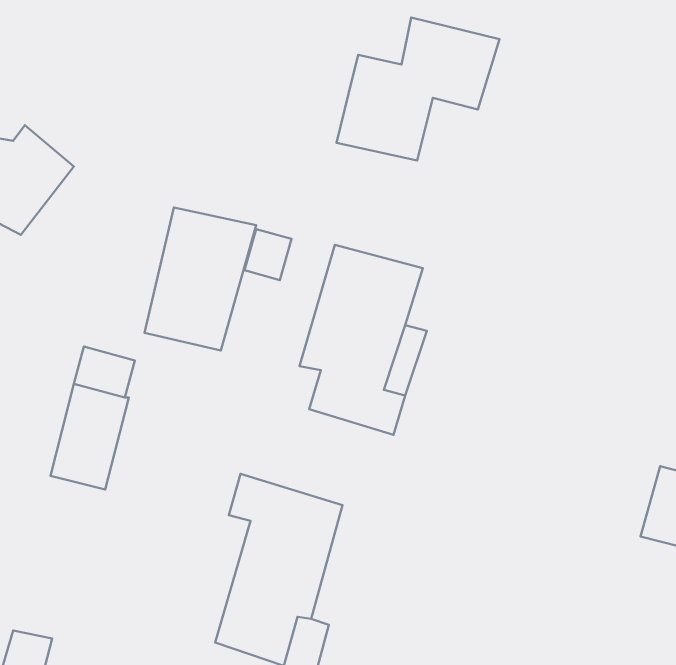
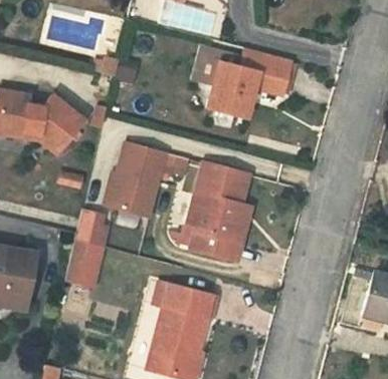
building: none -> [204,46,246,83]

